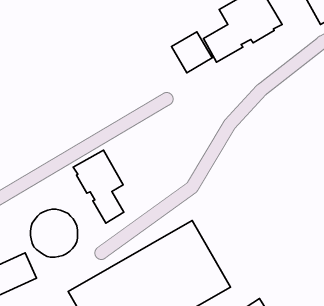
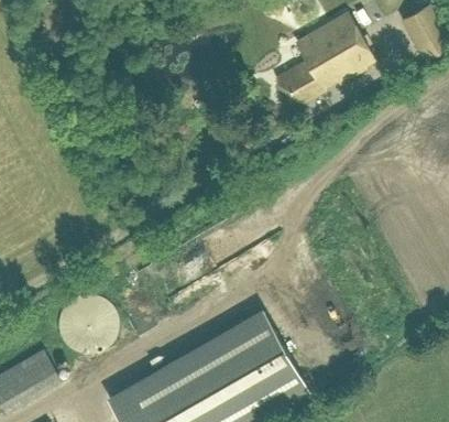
building: [171,32,212,73] -> none
building: [73,150,124,223] -> none

